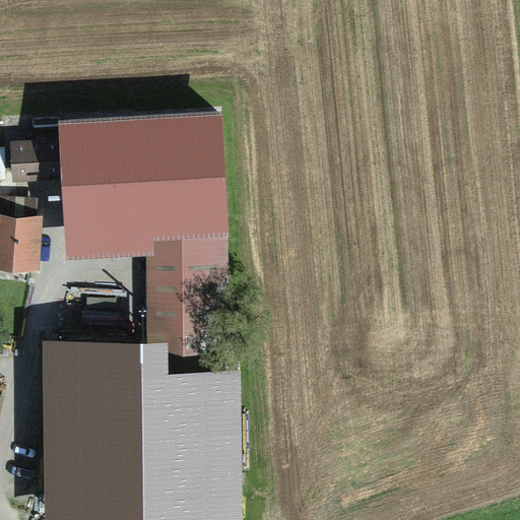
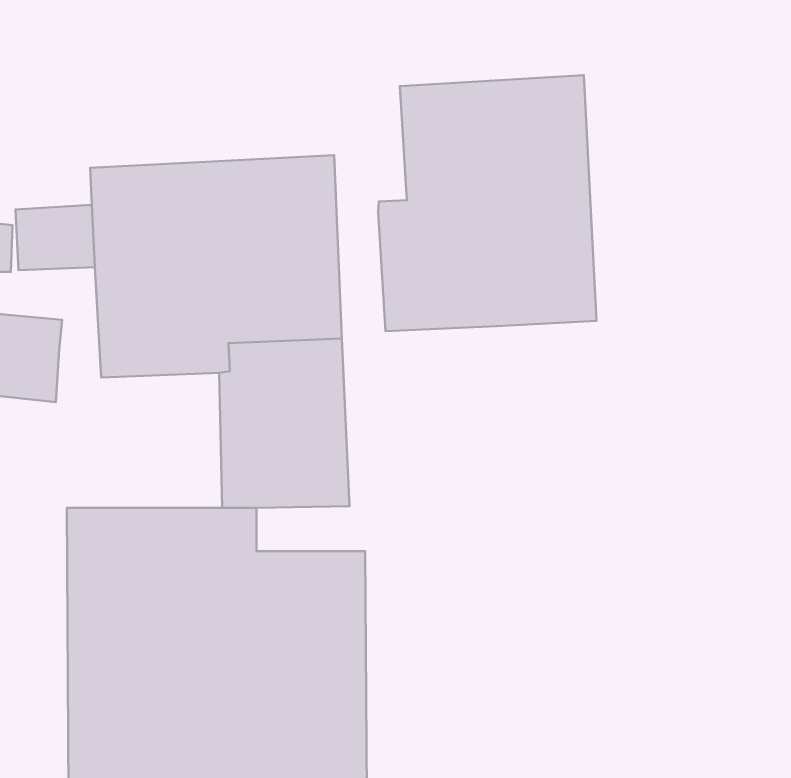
building: none -> [378,75,596,331]

